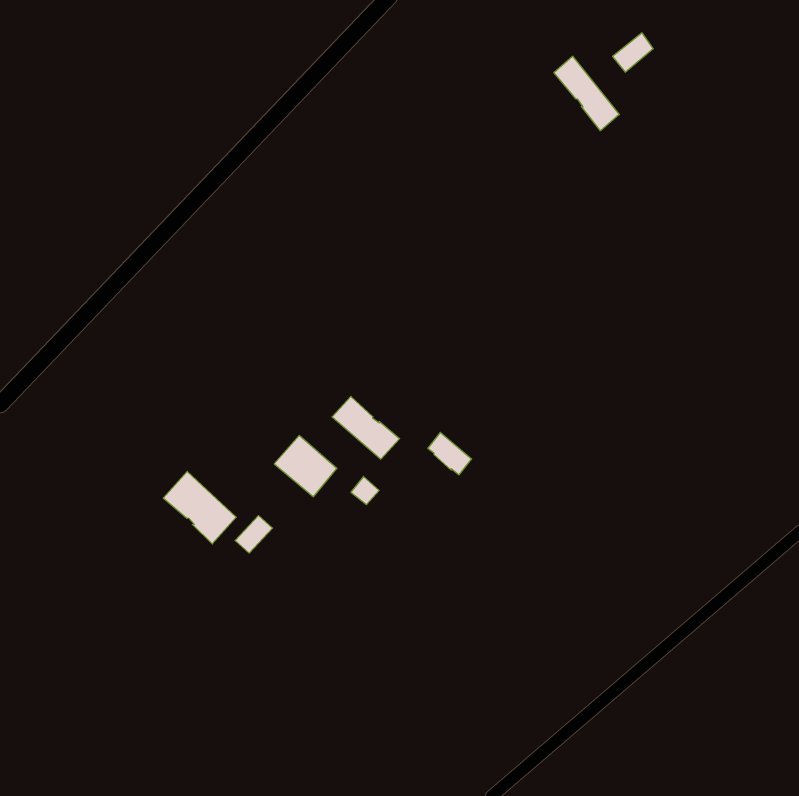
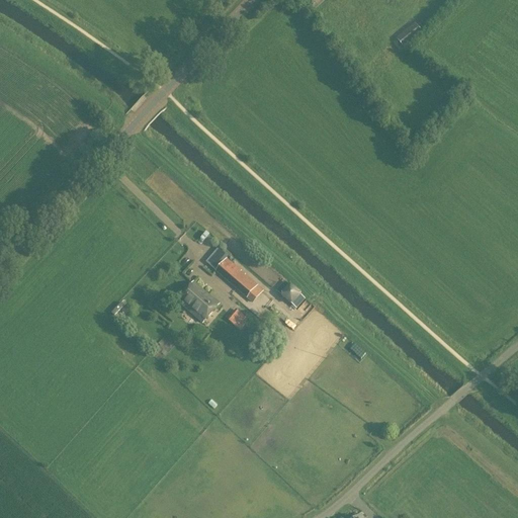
building: [554,56,619,131] -> none
building: [163,471,236,544] -> none

